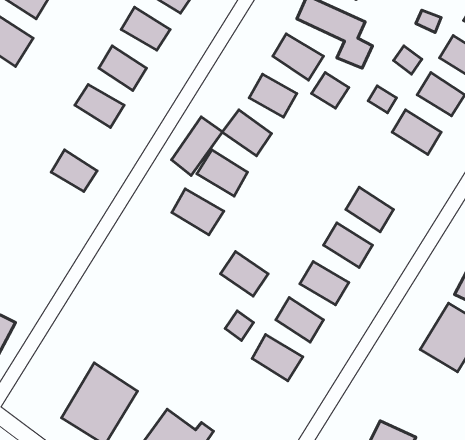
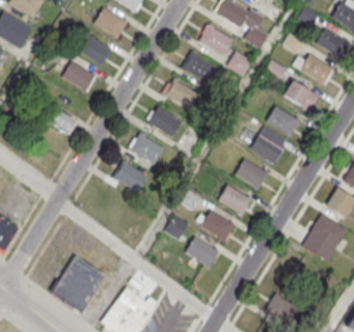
building: [171,117,222,175] -> none
building: none -> [266,106,300,136]
building: [220,252,268,296] -> [114,162,147,193]

